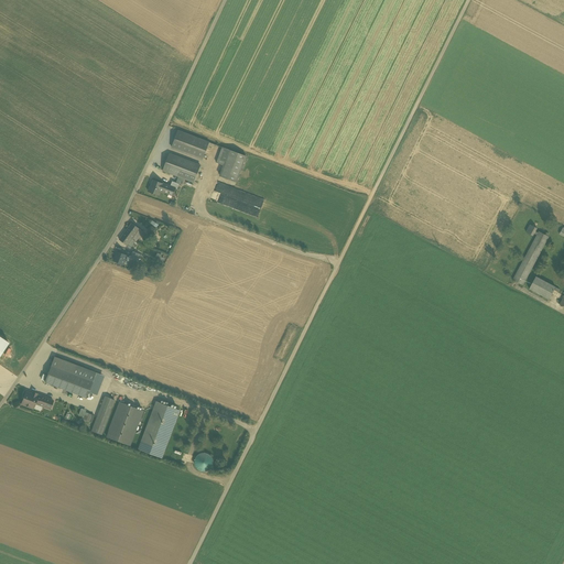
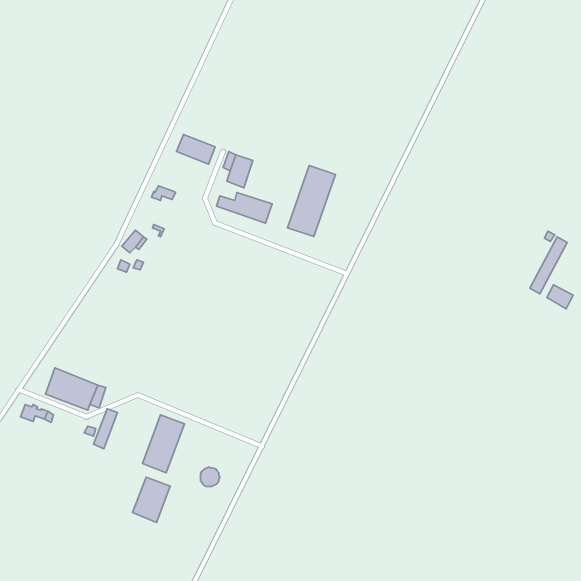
building: [162,153,199,182] -> none
building: none -> [287,166,335,237]
building: [106,401,142,445] -> [133,477,170,523]

